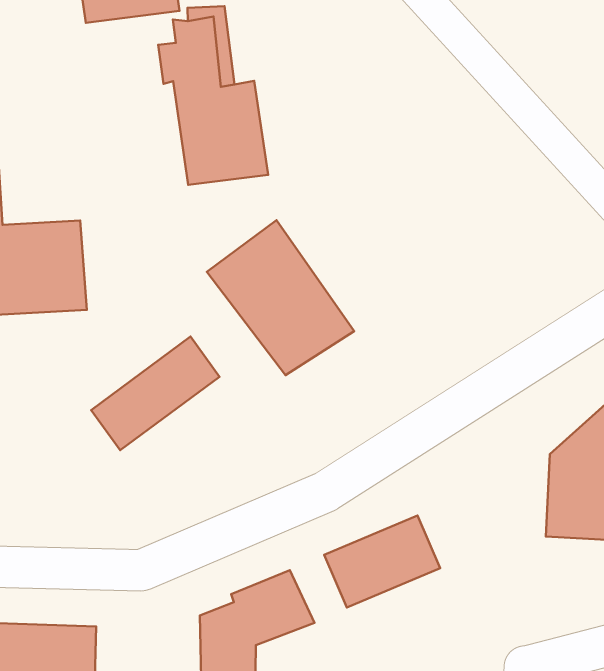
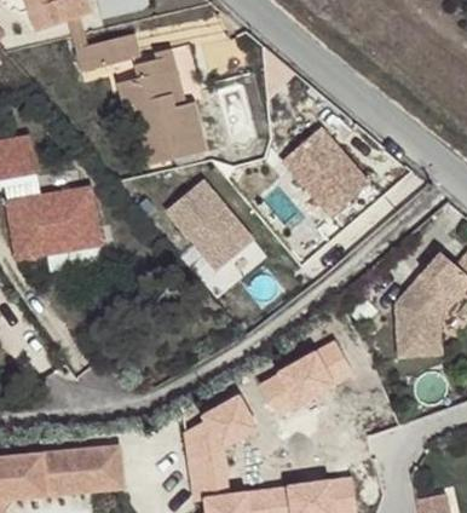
building: none -> [282,126,375,224]
building: [91,336,220,450] -> none

